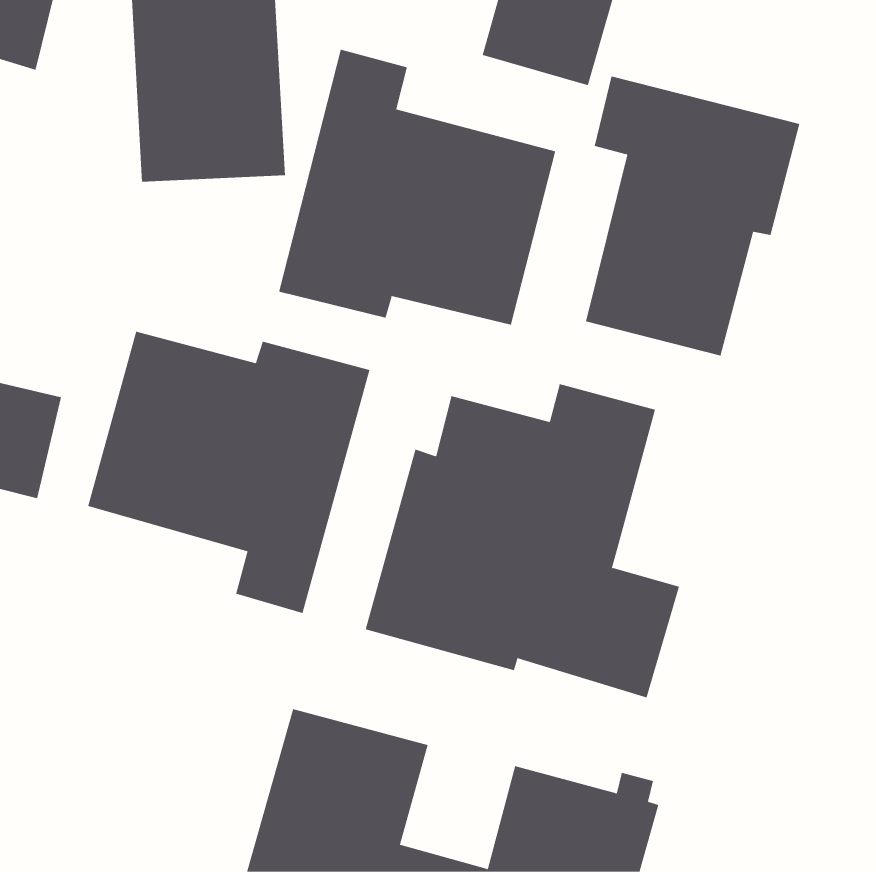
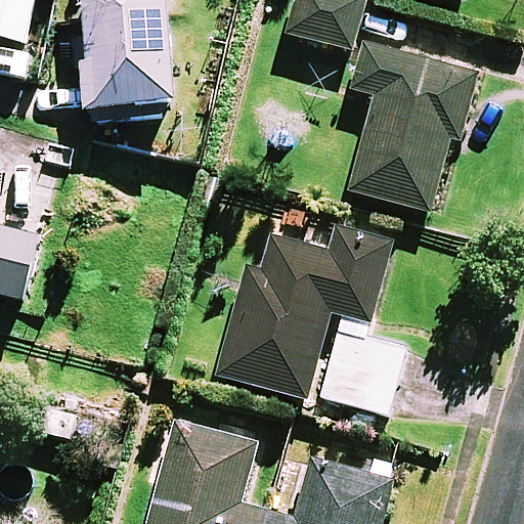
building: [279,49,556,326] -> none
building: [87,331,370,614] -> none

